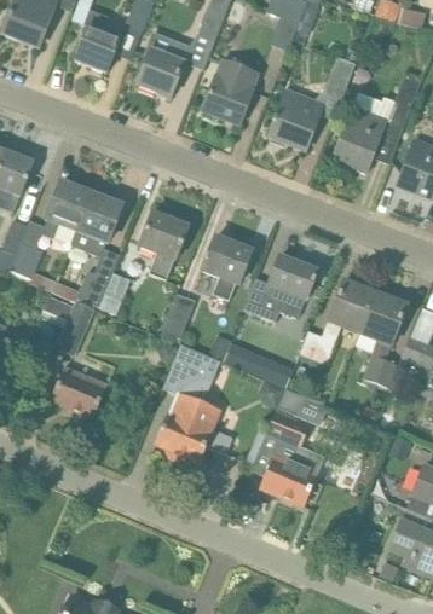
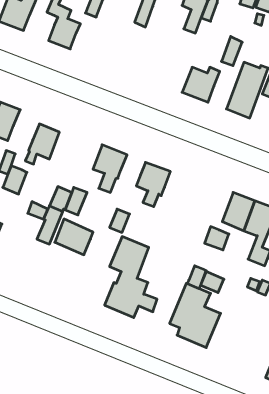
building: [137,39,190,95] -> none
building: [203,59,258,122] -> none
building: [73,192,122,256] -> none
building: [246,255,317,317] -> none
building: [225,343,294,386] -> none
building: [51,365,106,417] -> [55,219,93,255]

